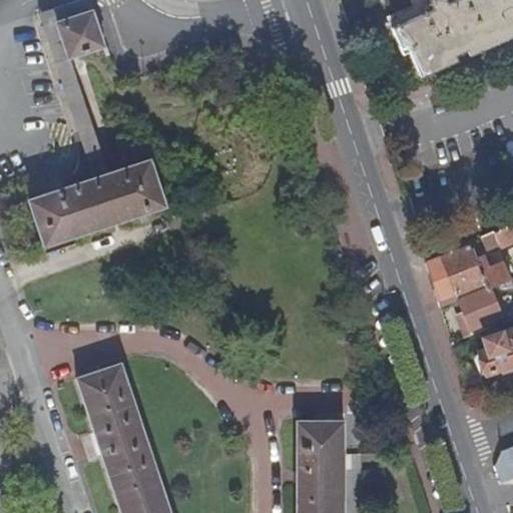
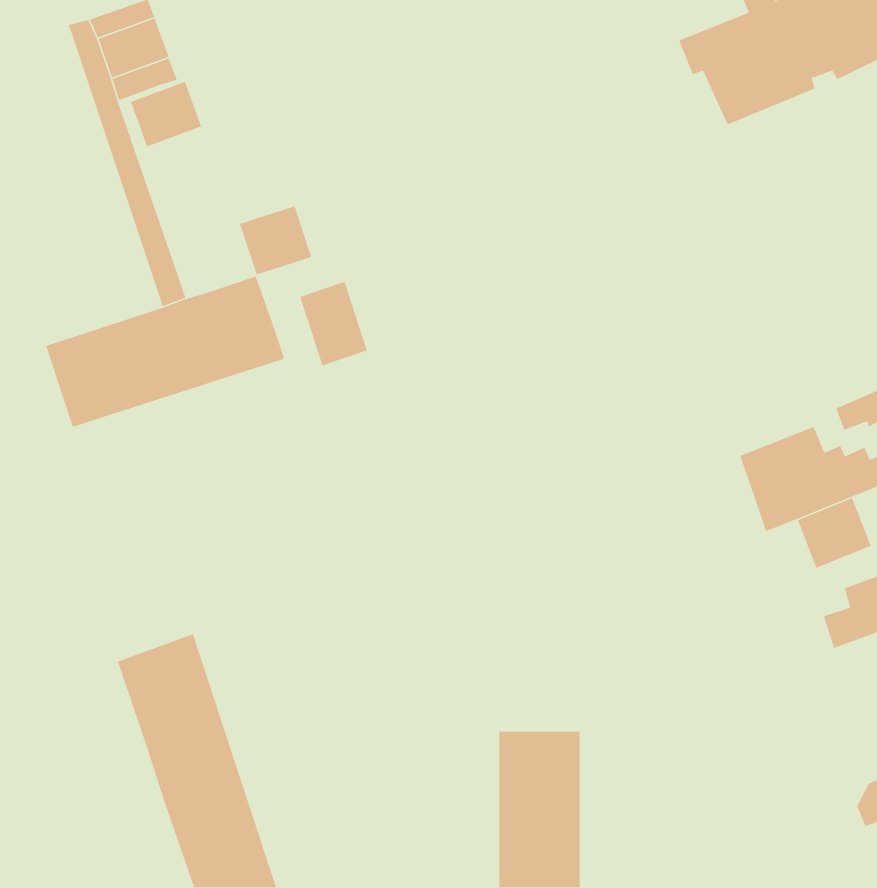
building: none -> [130,81,202,148]
building: none -> [239,205,312,276]
building: none -> [299,281,368,366]

